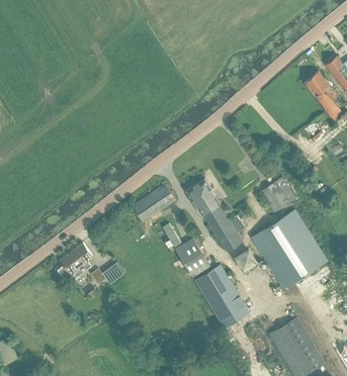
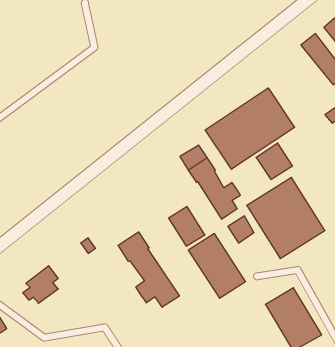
building: none -> [205,88,295,169]
building: [133,184,175,221] -> none
building: [57,244,91,280] -> [23,266,58,303]
building: none -> [118,232,179,307]

